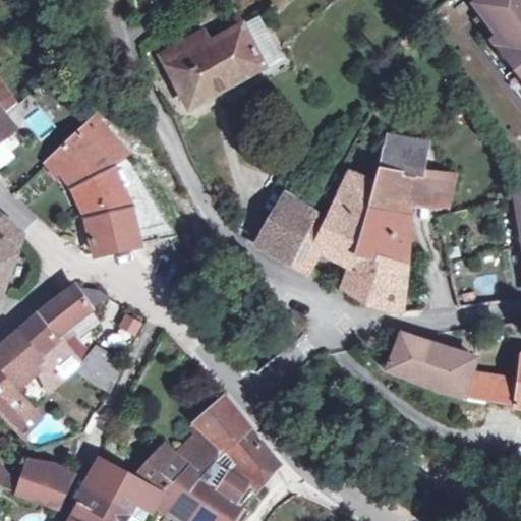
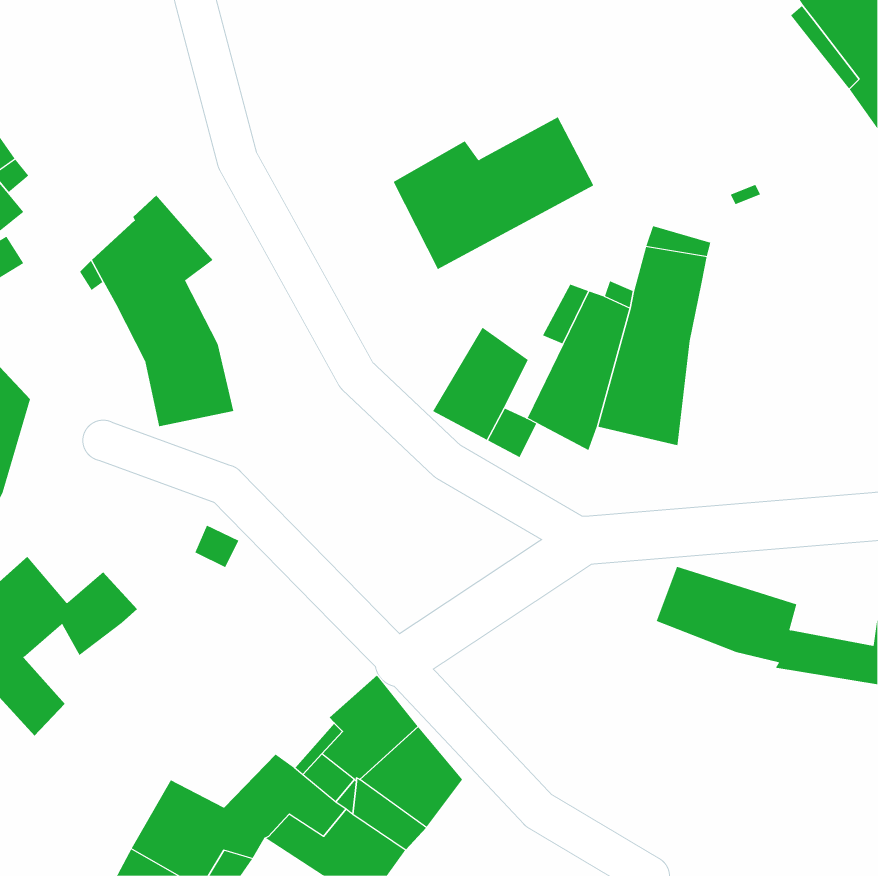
building: [161,14,280,105] -> [393,116,594,270]
building: [408,167,475,206] -> none
building: [341,252,402,309] -> none
building: [16,285,121,392] -> none
building: [15,462,71,504] -> none

